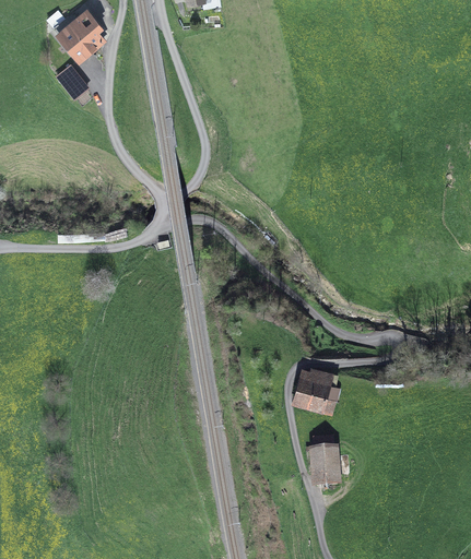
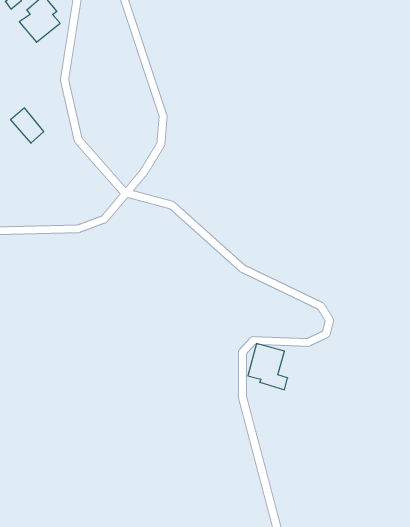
building: [56,64,90,100] -> [11,108,44,143]
building: [314,448,345,485] -> none

